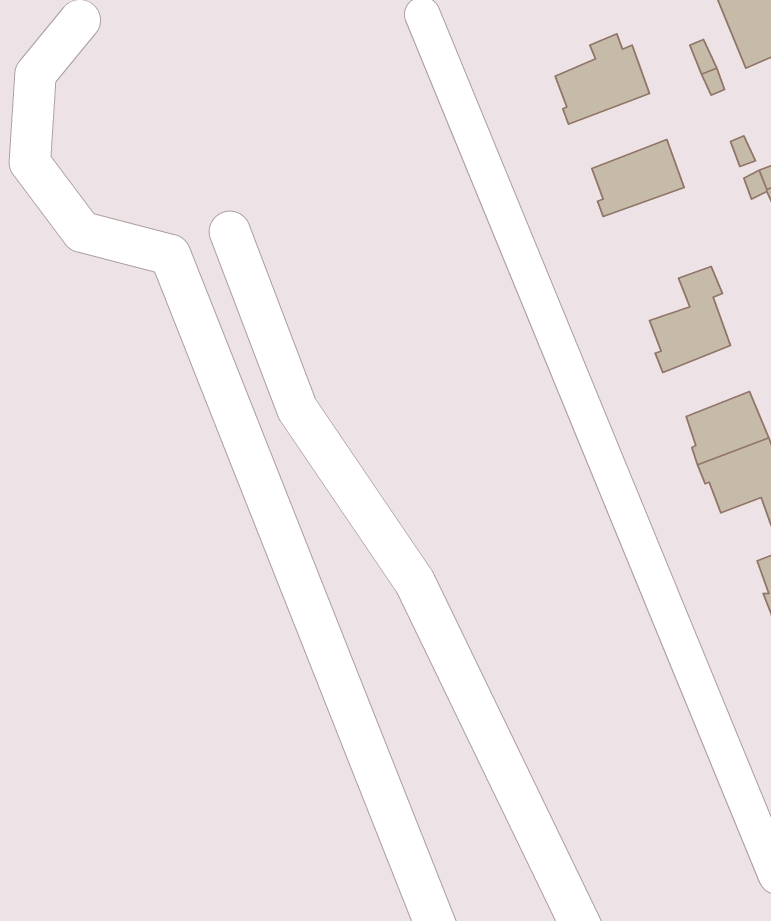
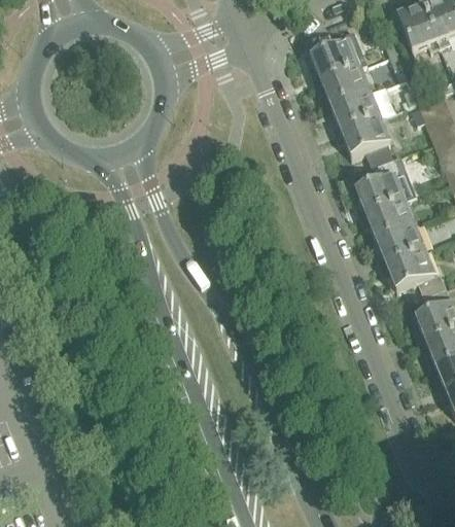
building: none -> [316,62,369,102]
building: none -> [335,112,392,161]
building: none -> [366,197,413,235]

